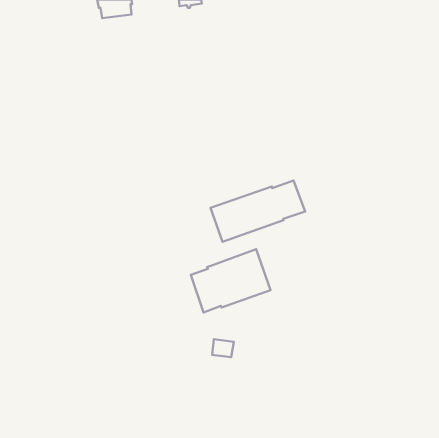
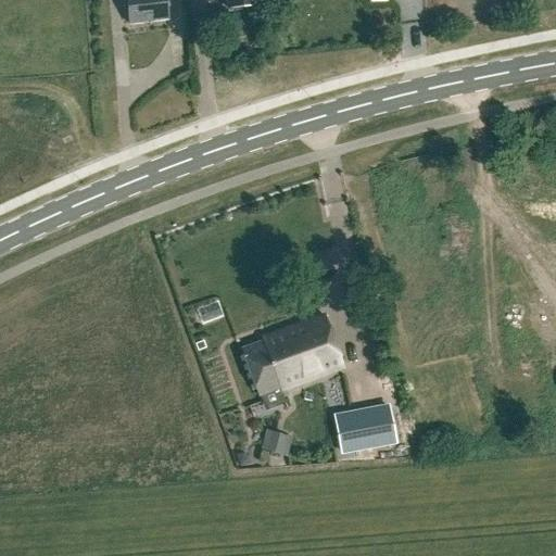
building: [210,180,305,242] -> none
building: none -> [334,405,394,454]

